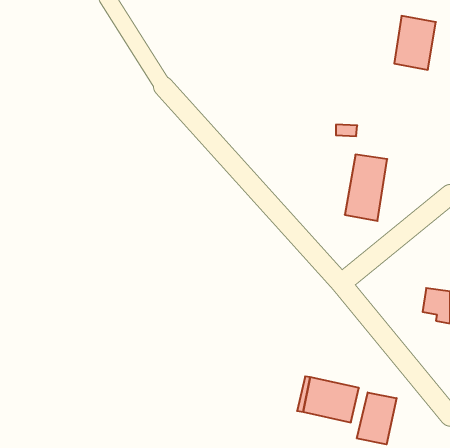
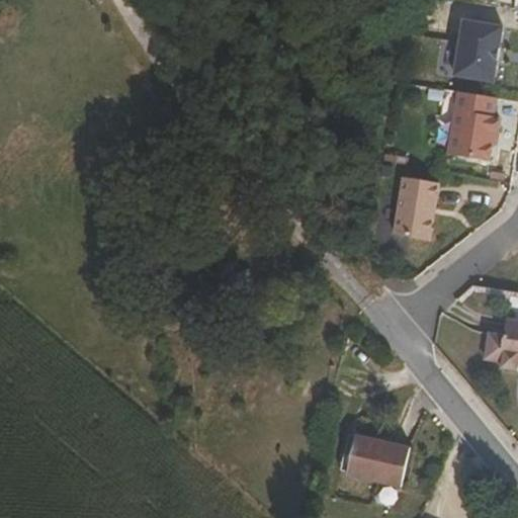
building: none -> [446,92,495,159]
building: [357,392,397,444] -> none

